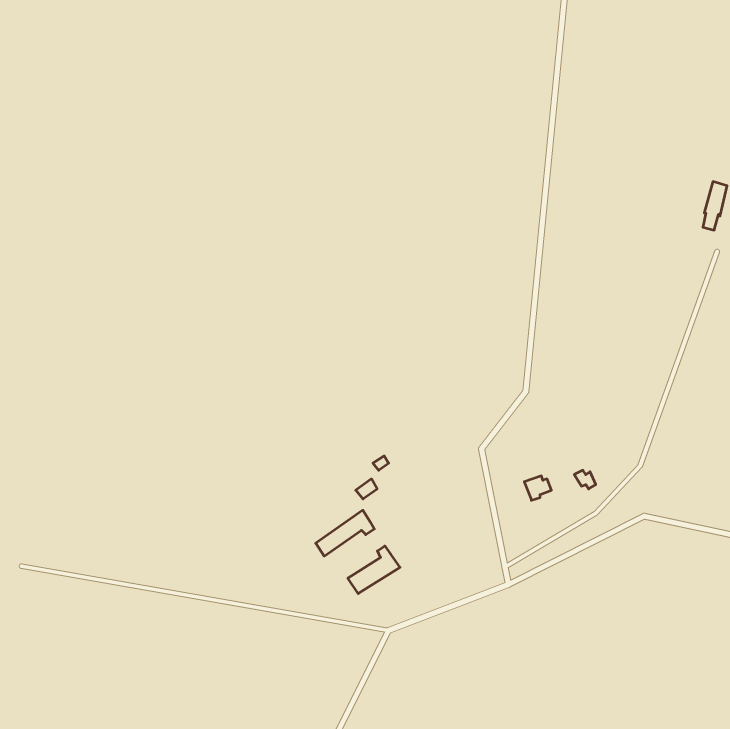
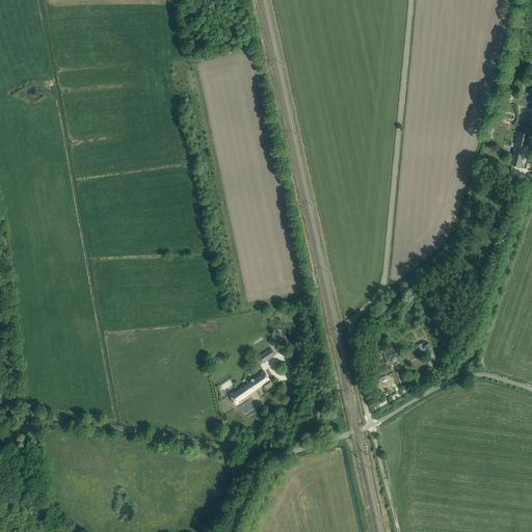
building: [348,546,400,594] -> none

